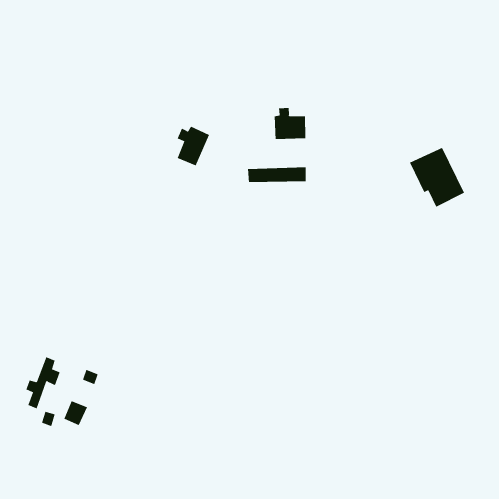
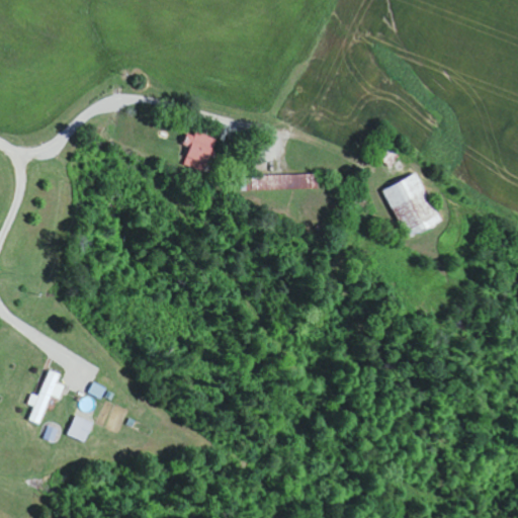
building: [274,107,306,140] -> none
building: [409,147,465,208] -> [382,173,440,236]

